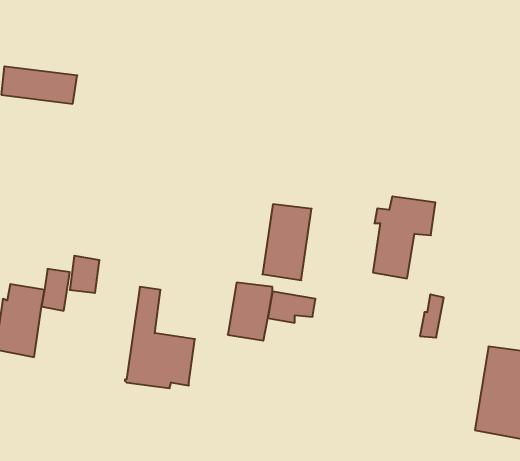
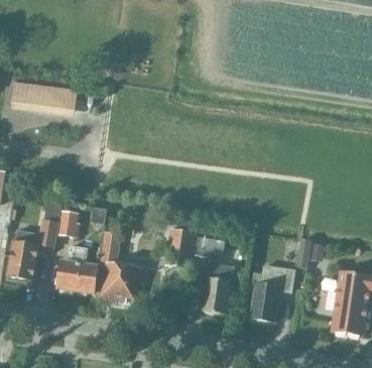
building: [373,196,435,278] -> [251,265,293,321]
building: [262,204,312,280] -> [201,263,234,315]
building: none -> [56,247,99,292]

